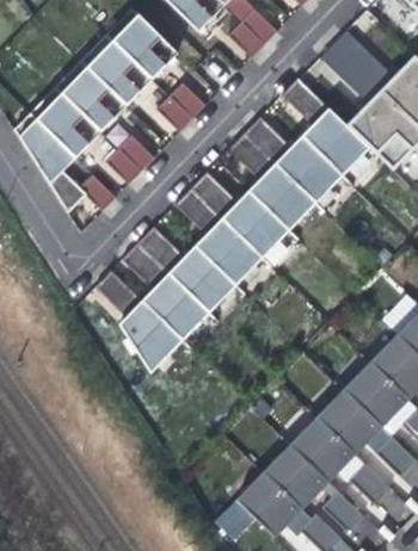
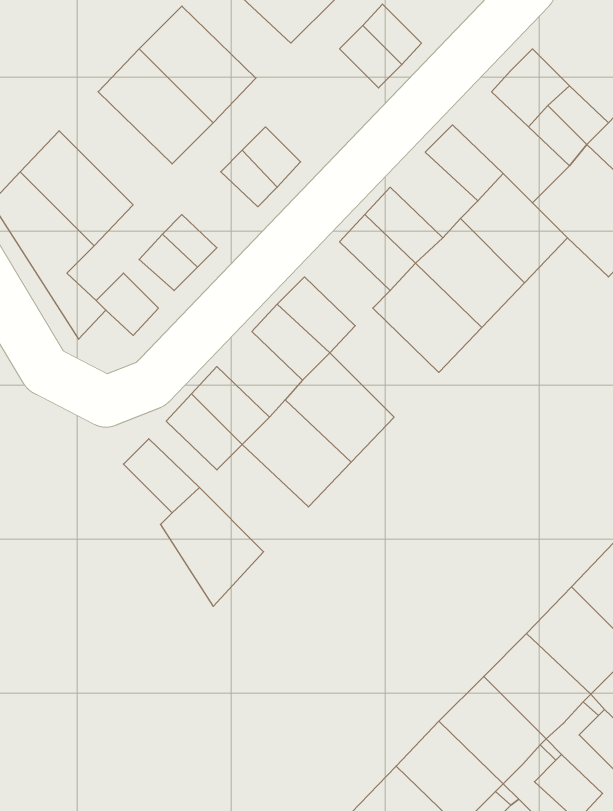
building: [57,58,127,128] -> none
building: [223,191,290,258] -> none
building: [143,274,210,340] -> none

